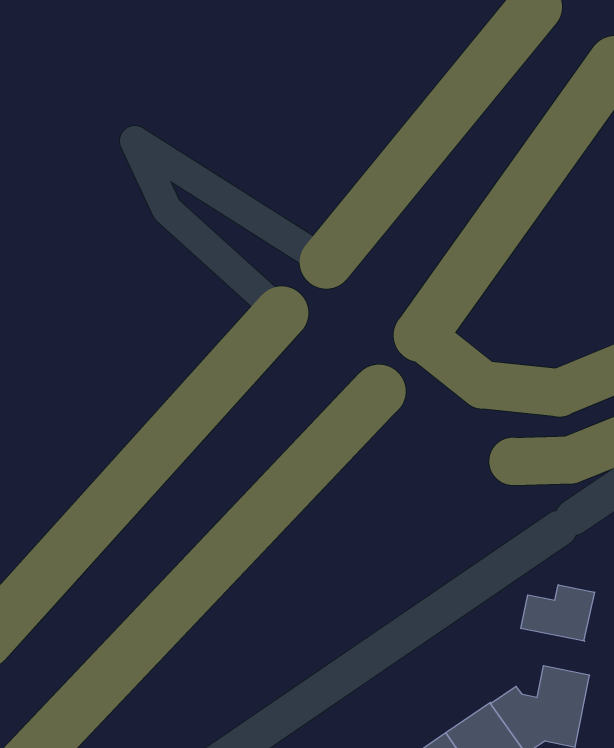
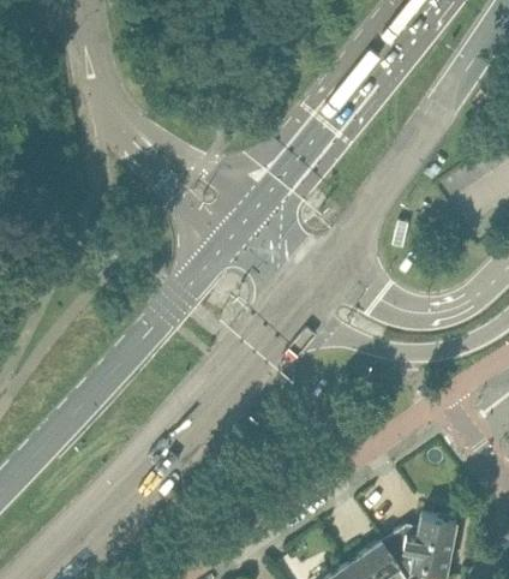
building: [521,585,595,641] -> none

